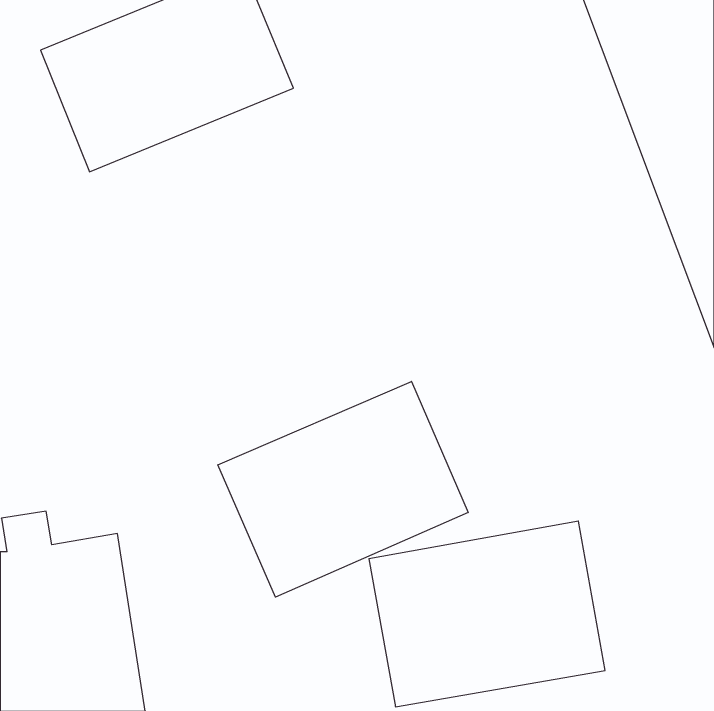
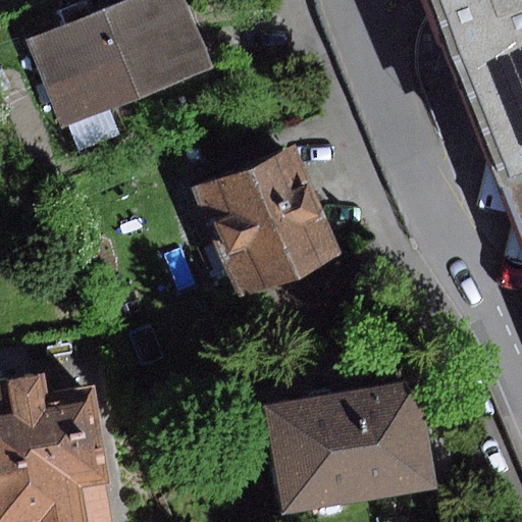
building: none -> [200,148,342,297]
building: [218,381,468,597] -> none

